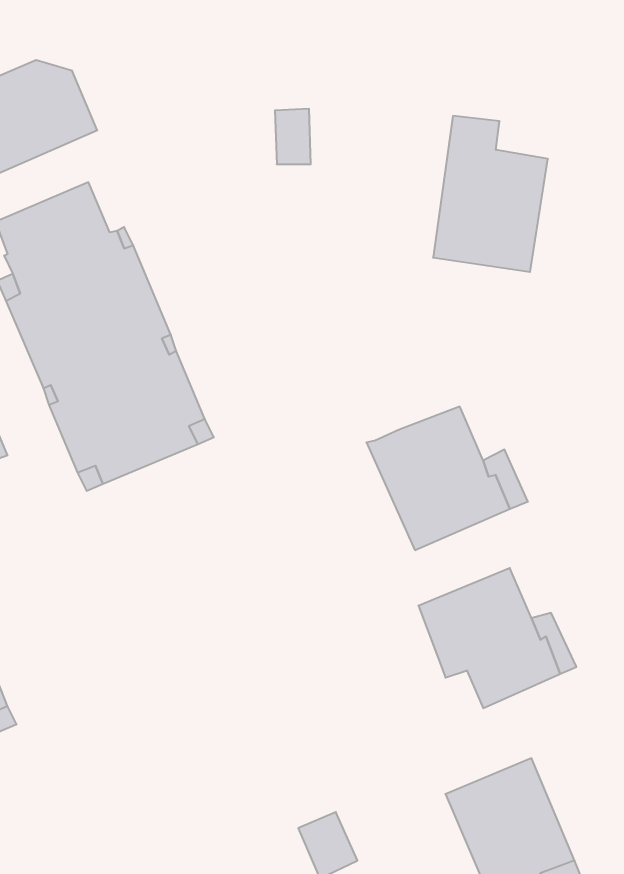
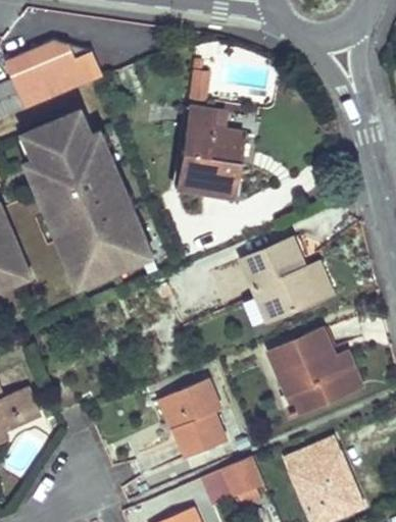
building: [433,116,548,272] -> [174,108,239,197]
building: none -> [167,378,226,459]
building: none -> [222,457,264,497]

